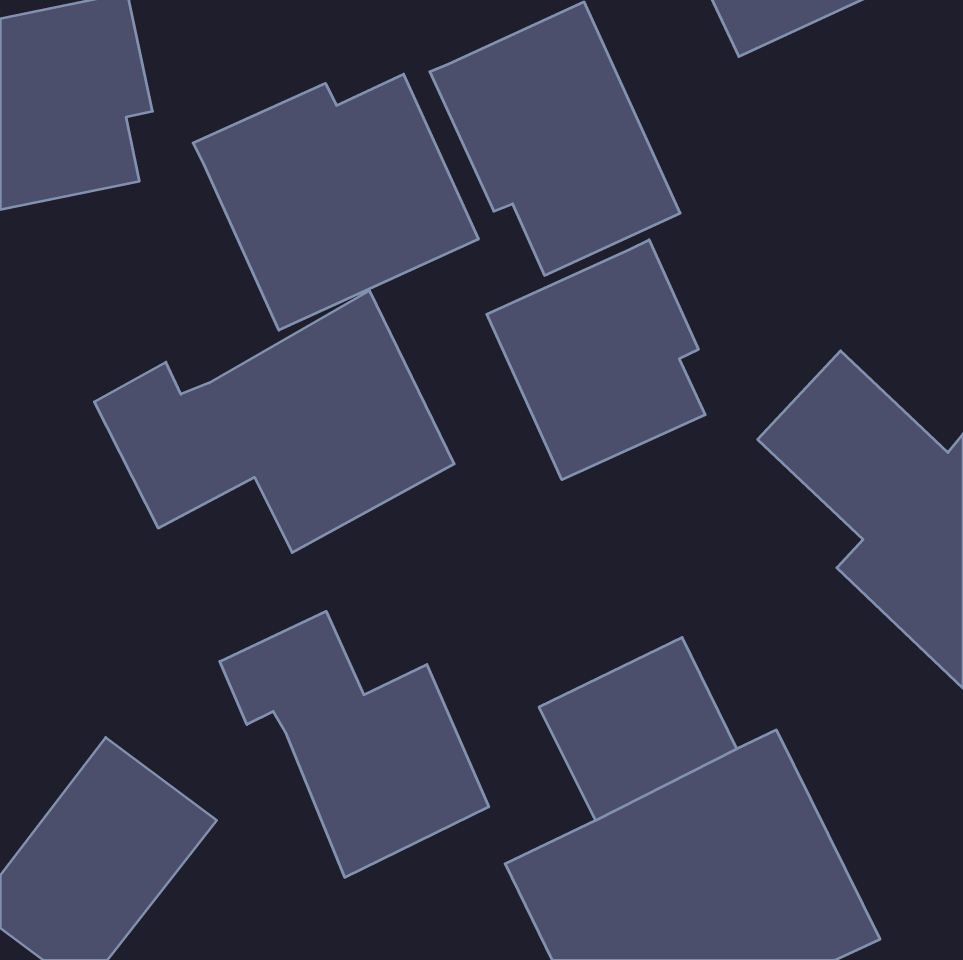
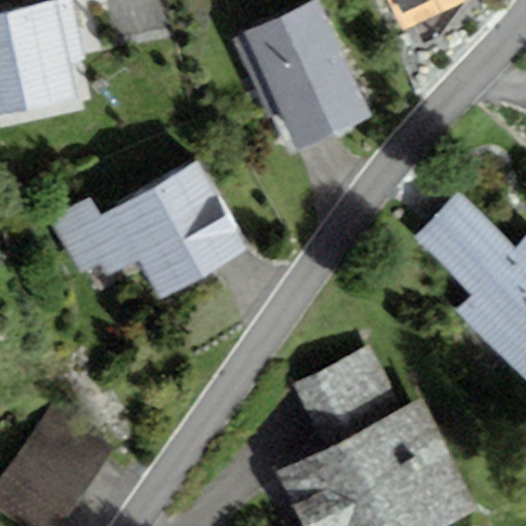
building: [193,74,478,330] -> none
building: [487,240,705,480] -> none
building: [220,611,489,877] -> none

